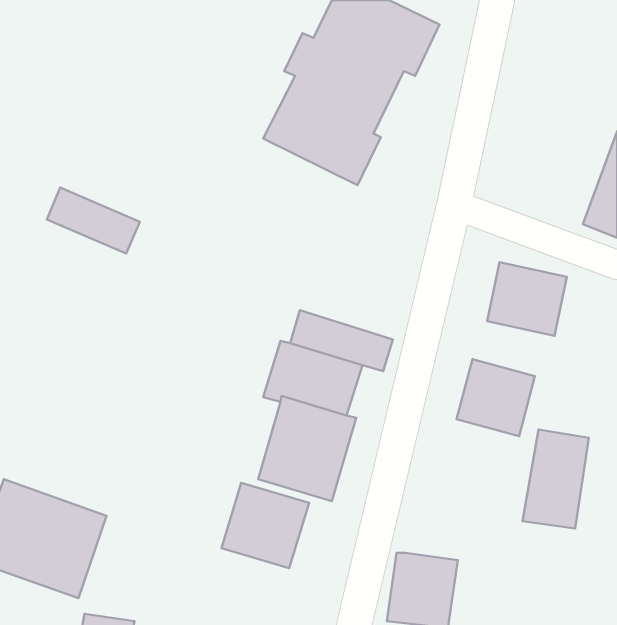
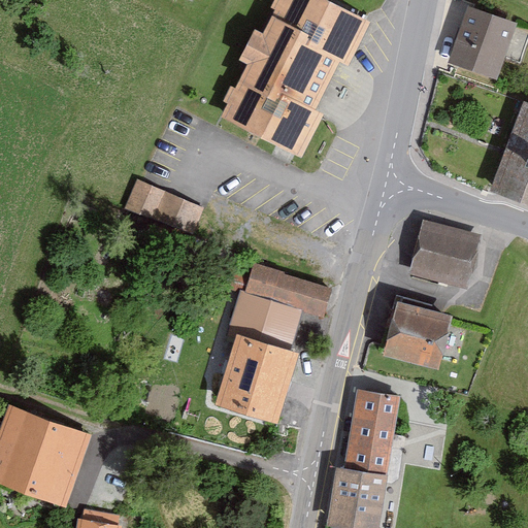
building: none -> [447,6,515,78]
building: [47,187,140,254] -> [122,178,200,234]
building: [523,429,589,529] -> [341,389,397,472]
building: [221,483,309,568] -> none

